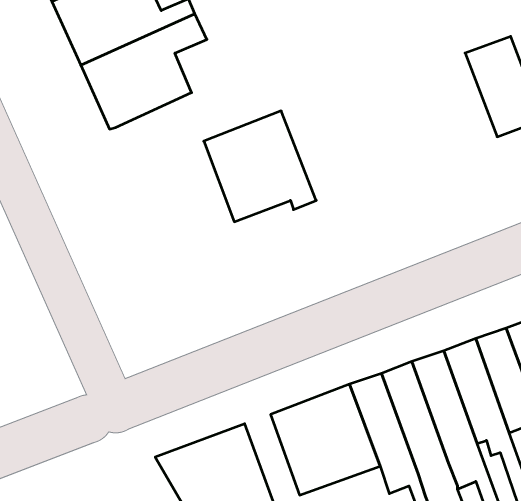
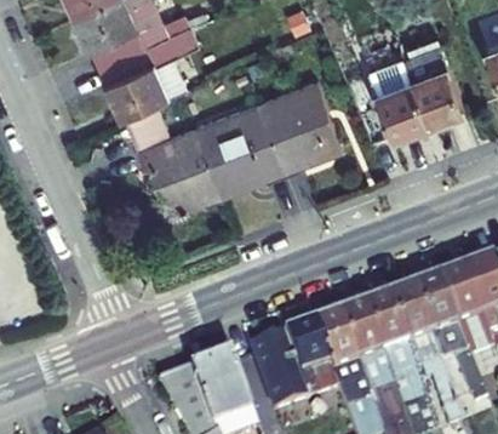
building: none -> [368,55,429,135]
building: none -> [257,78,343,172]
building: none -> [125,102,222,210]

